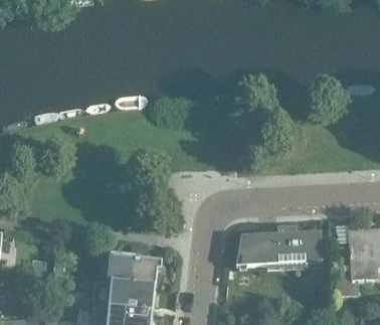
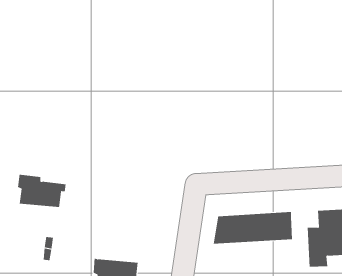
building: [109,251,162,287] -> [17,174,66,208]

